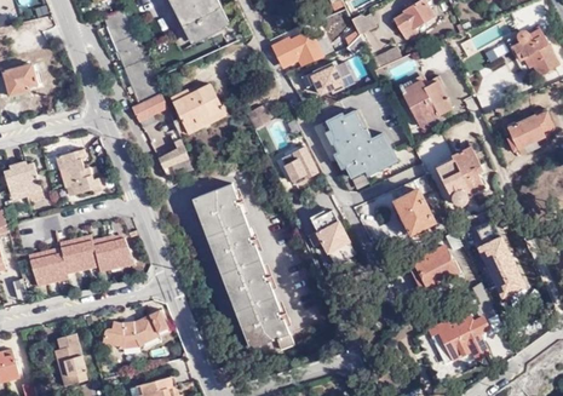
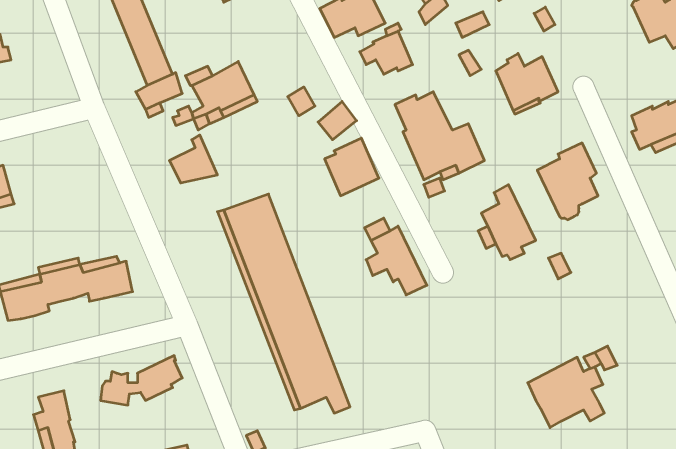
building: [57,150,99,197] -> none
building: [475,220,528,298] -> none
building: [404,246,459,293] -> none

